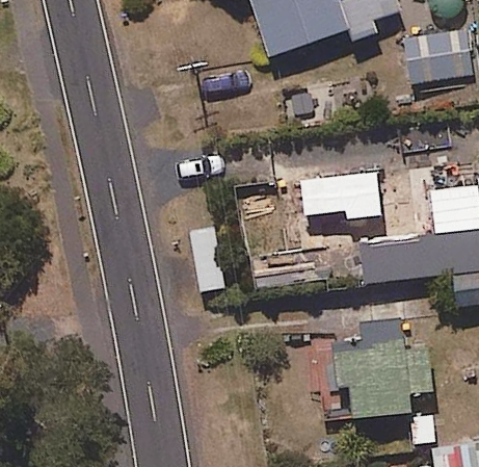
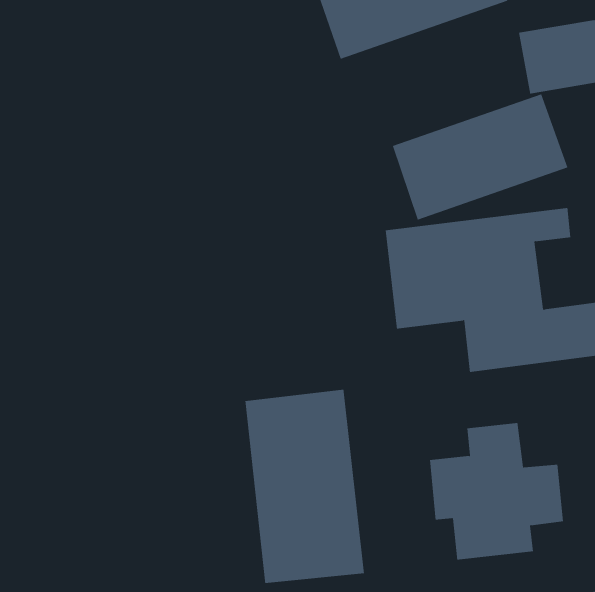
building: none -> [392,93,568,221]
building: none -> [245,389,364,584]

